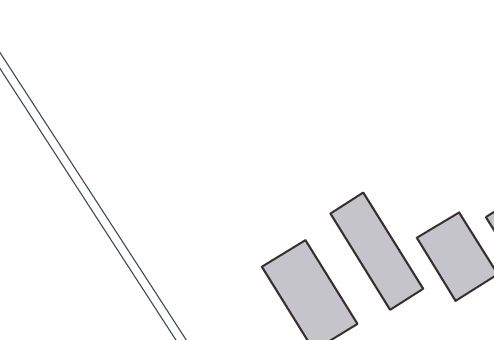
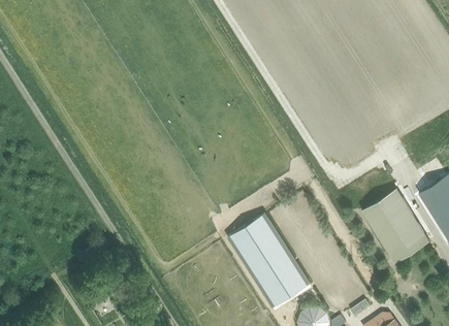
building: [330,193,423,310] -> none

